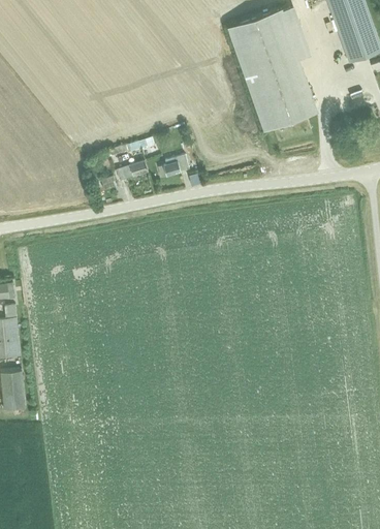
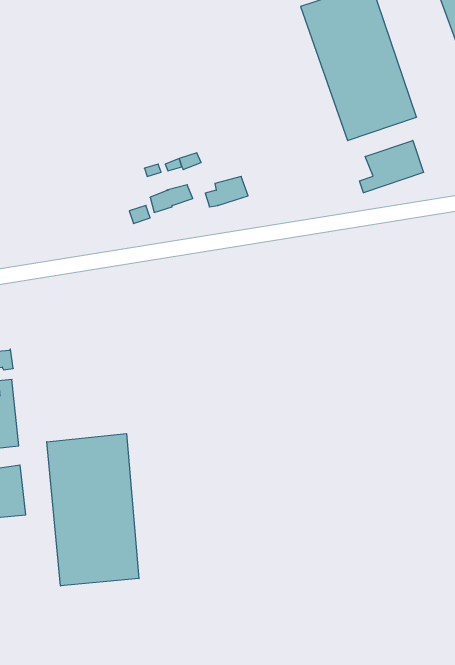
building: none -> [359,140,423,193]
building: none -> [47,434,139,586]

